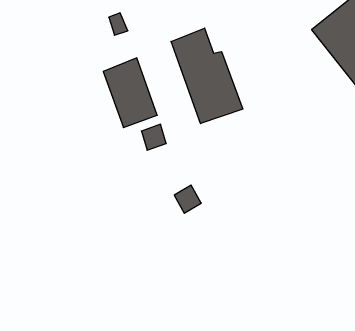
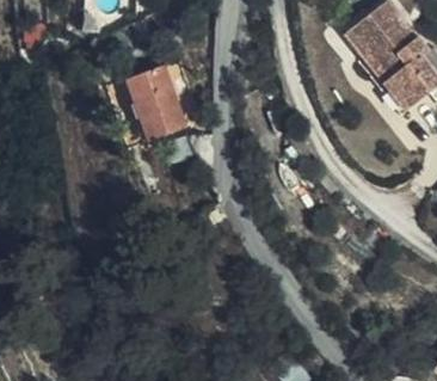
building: [171,28,243,124] -> none

